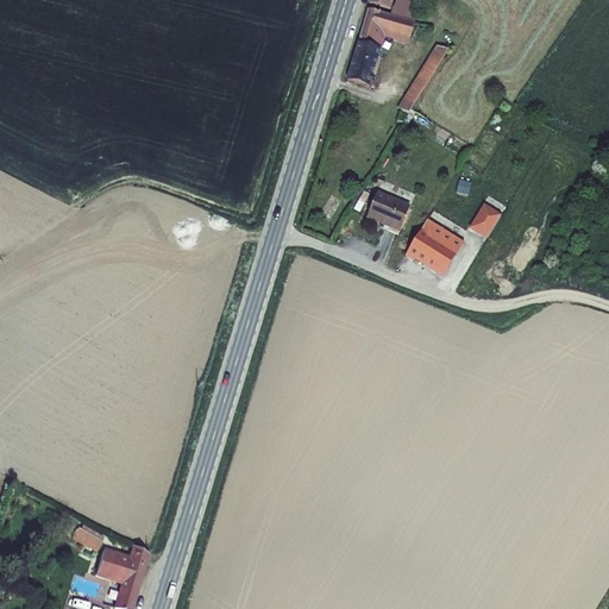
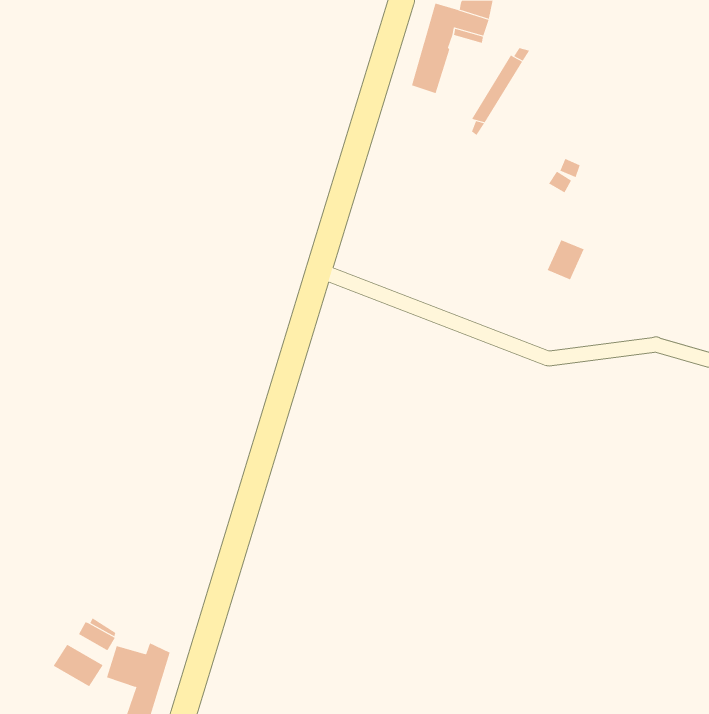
building: [366,195,407,232] -> none
building: [408,212,466,268] -> none
building: none -> [53,644,103,687]

